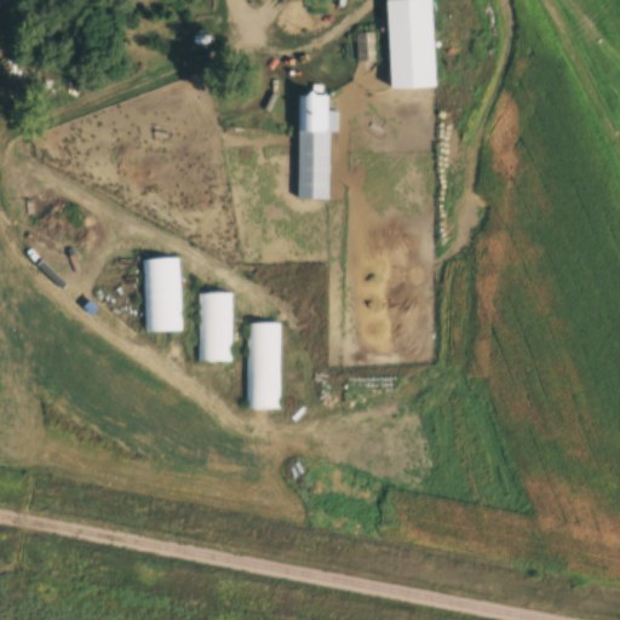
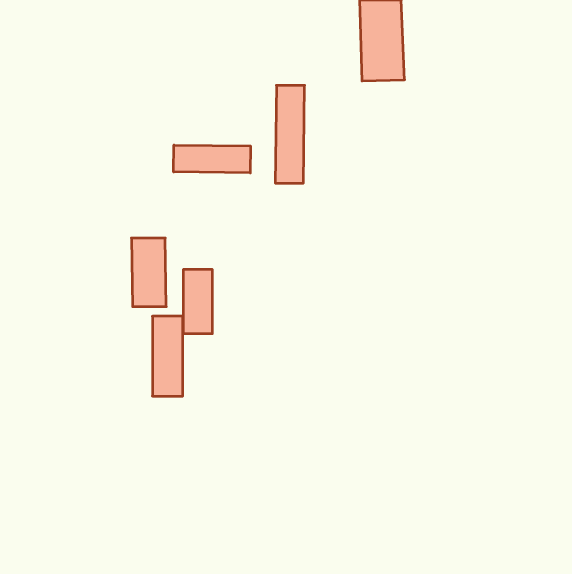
building: none -> [174,145,250,173]
building: [247,322,280,408] -> [152,316,183,396]

